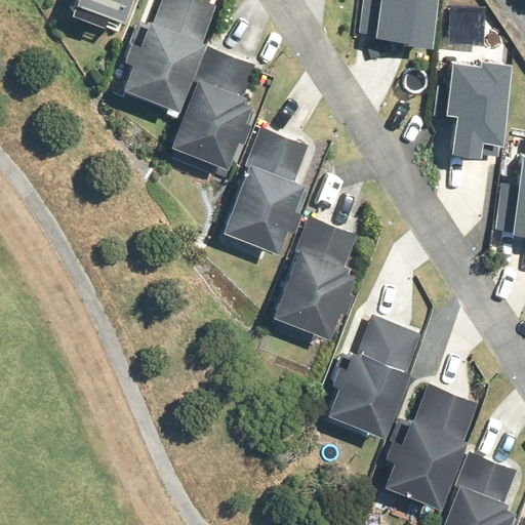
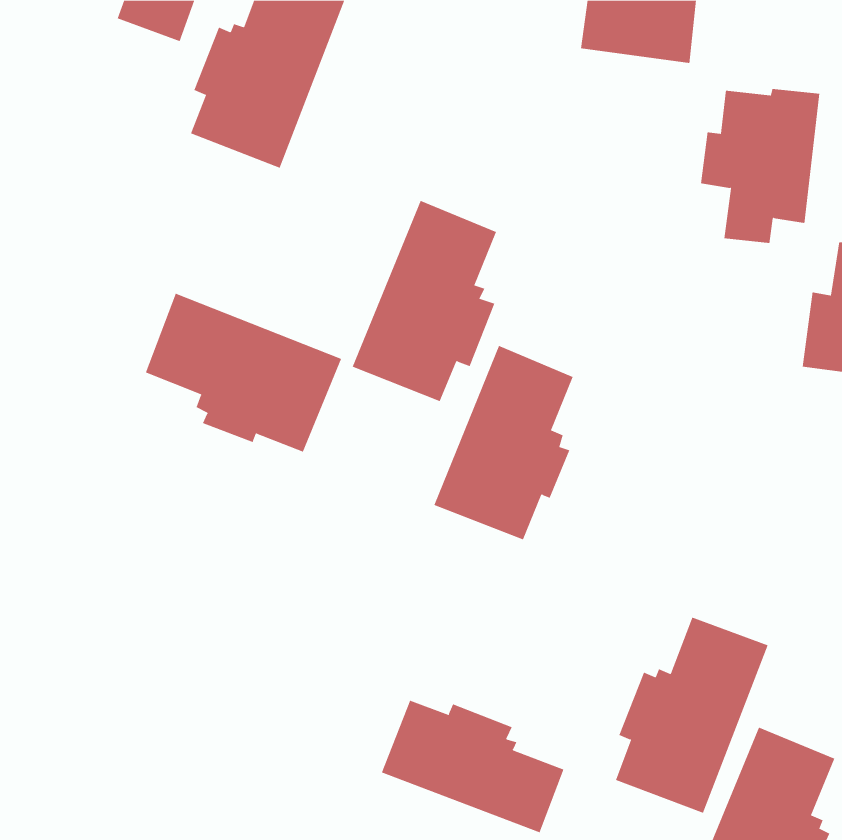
building: [171,49,259,170] -> none
building: none -> [145,293,342,453]
building: [327,318,422,438] -> none
building: none -> [381,700,564,833]

